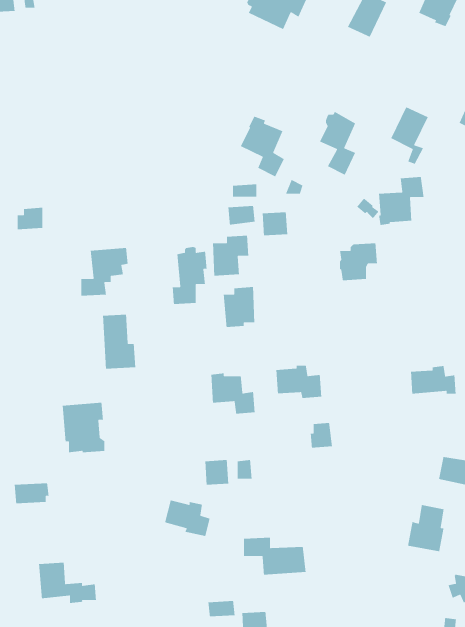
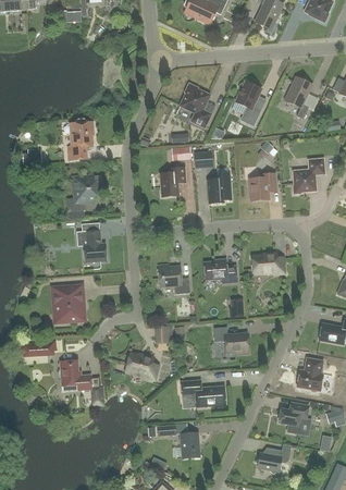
building: [378,176,425,226] -> [292,158,324,193]
building: [172,246,207,305] -> [67,118,92,159]
building: [223,286,255,328] -> [207,173,230,203]
building: [410,365,457,395] -> [251,252,284,272]
building: none -> [213,326,248,354]
building: [38,562,97,604] -> [59,359,100,389]
building: none -> [277,402,311,436]

